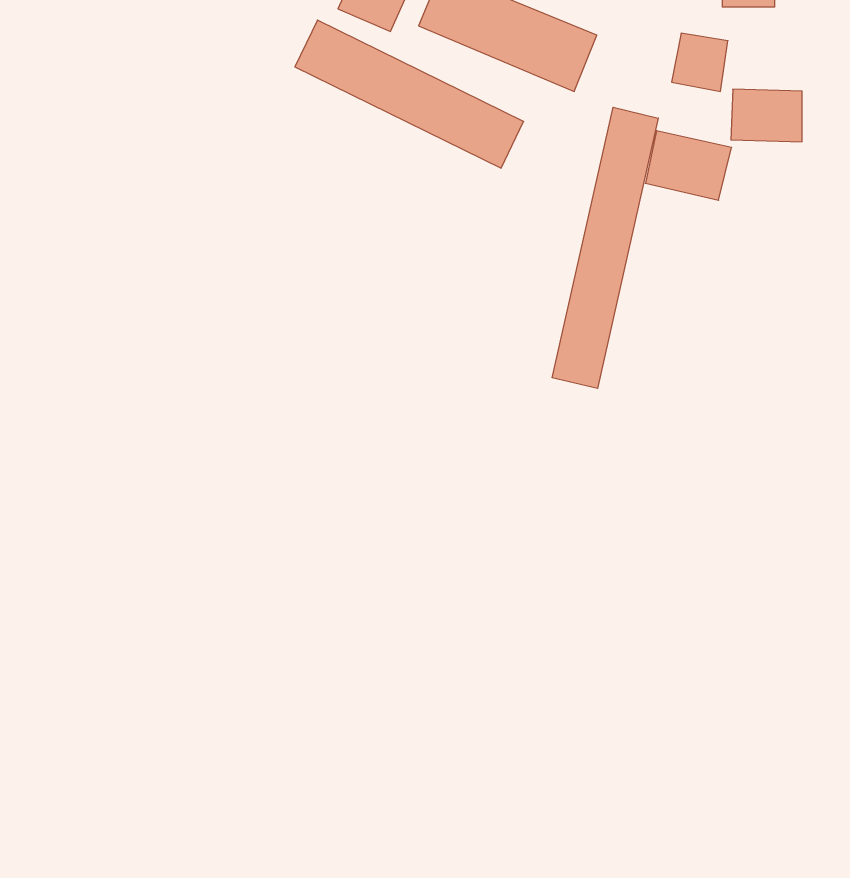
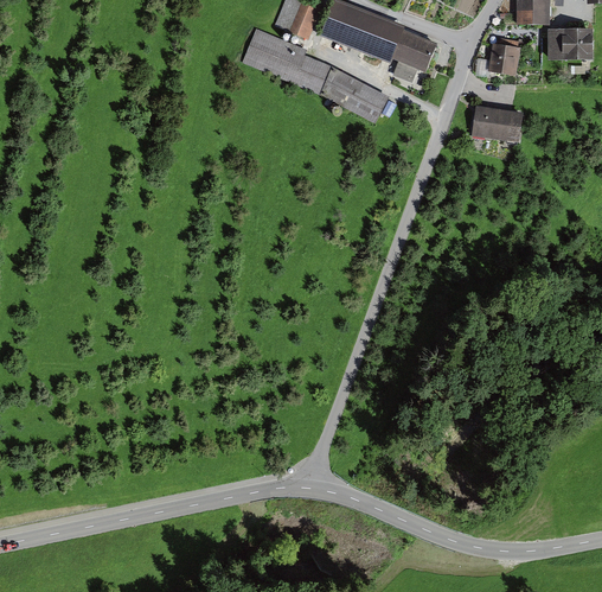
building: [731,89,802,142] -> [546,26,591,59]
building: [552,107,658,388] -> none

